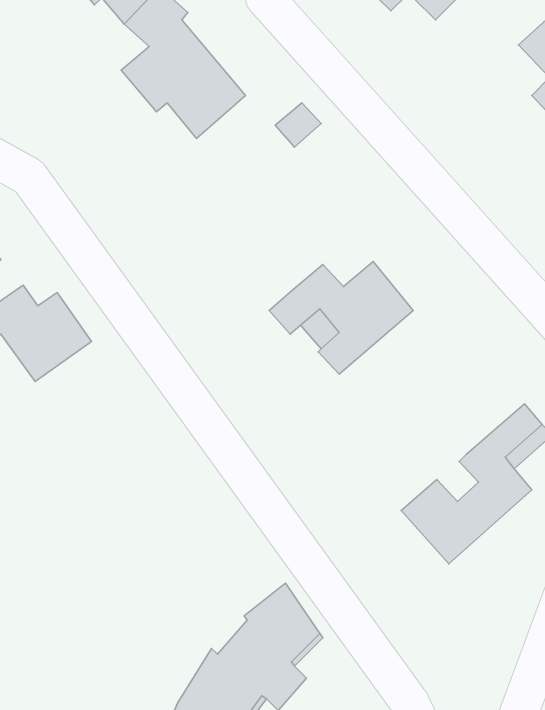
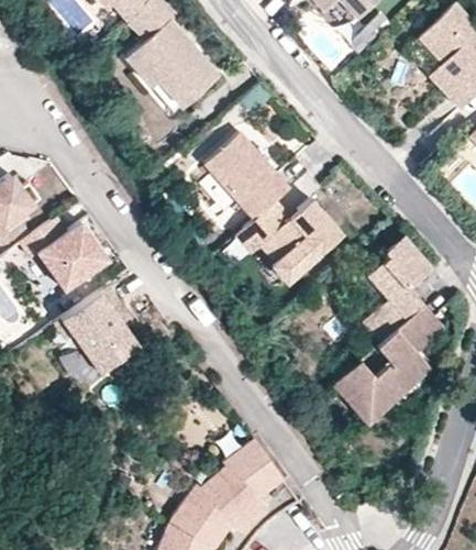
building: none -> [206,134,290,221]
building: none -> [365,239,432,343]
building: none -> [58,285,136,374]

